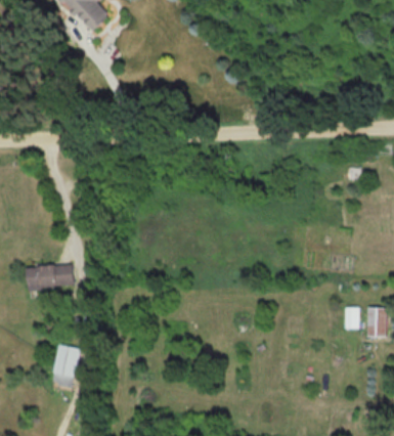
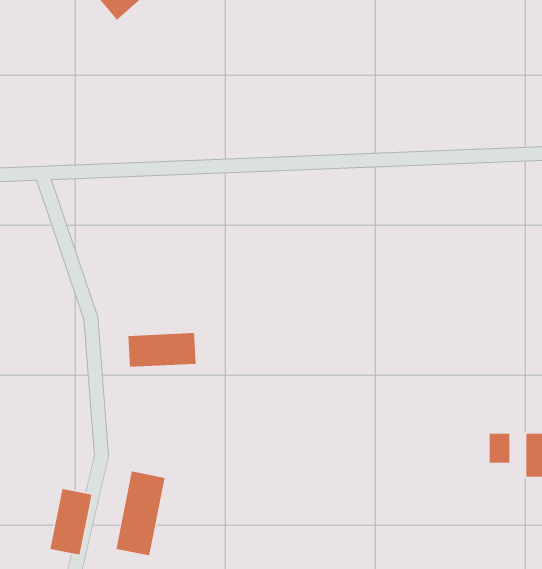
building: [26,265,72,289] -> [128,332,196,368]
building: none -> [116,471,166,556]

